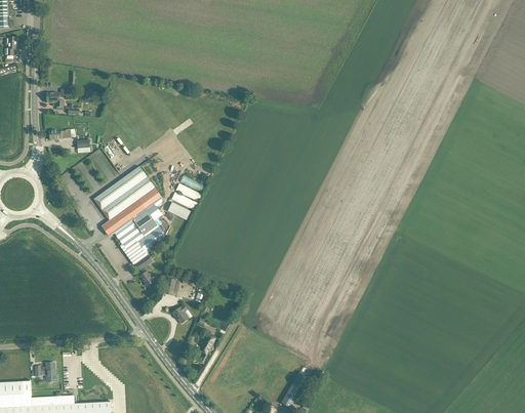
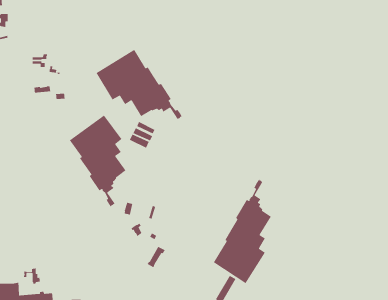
building: none -> [95,49,183,120]
building: none -> [213,179,272,284]

